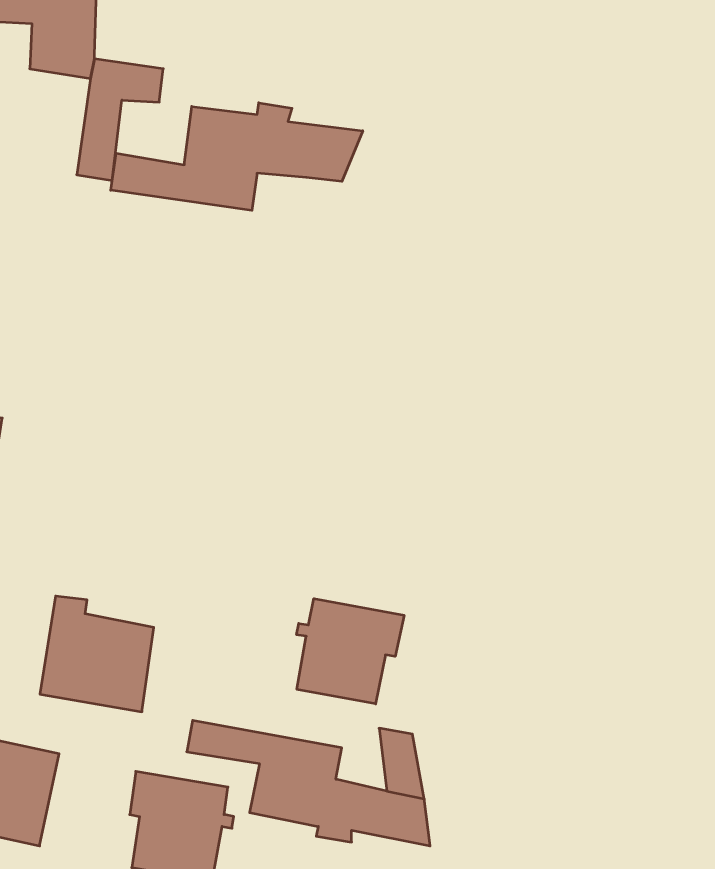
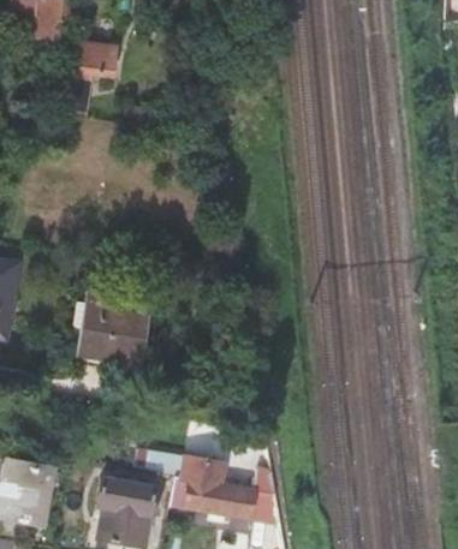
building: [111,103,363,210] -> none
building: [40,596,154,712] -> [76,293,145,364]
building: [297,599,404,704] -> none

